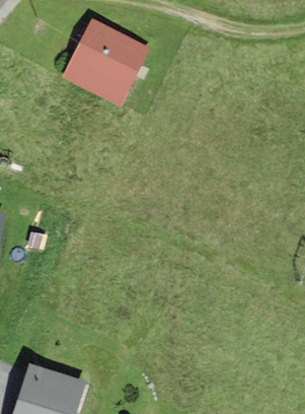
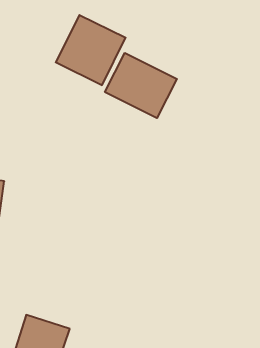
building: none -> [105,53,177,118]

